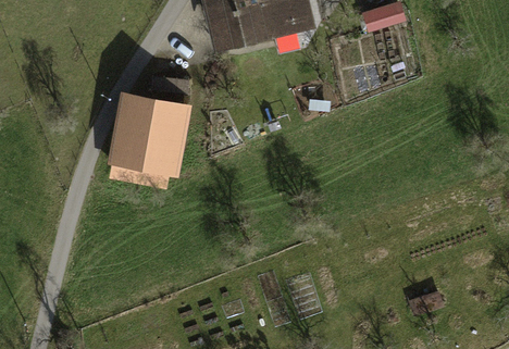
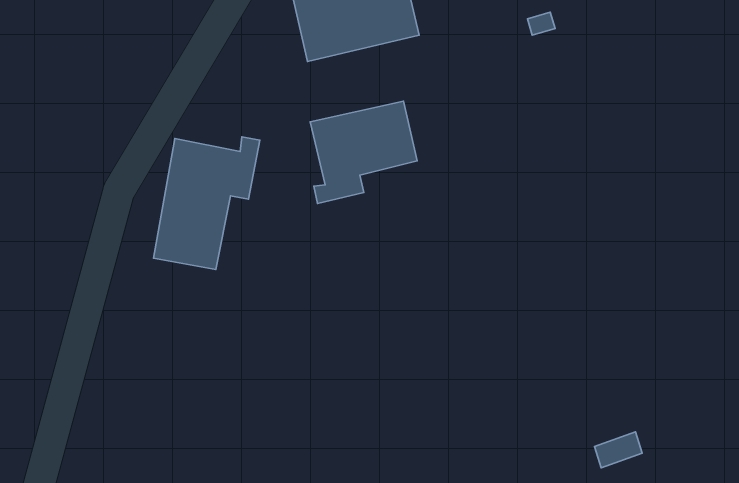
building: none -> [310,101,417,204]

